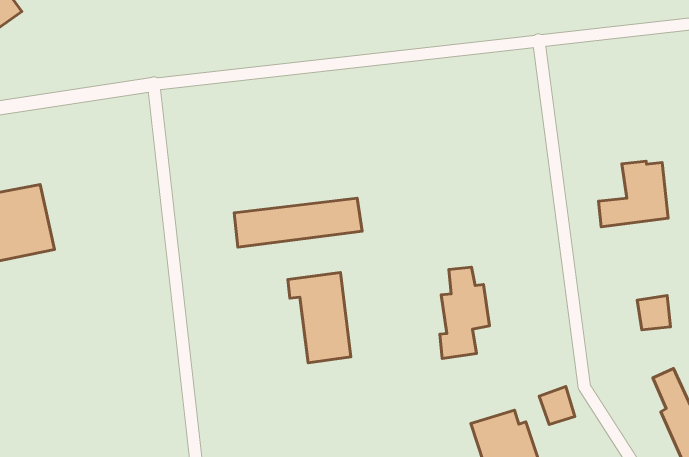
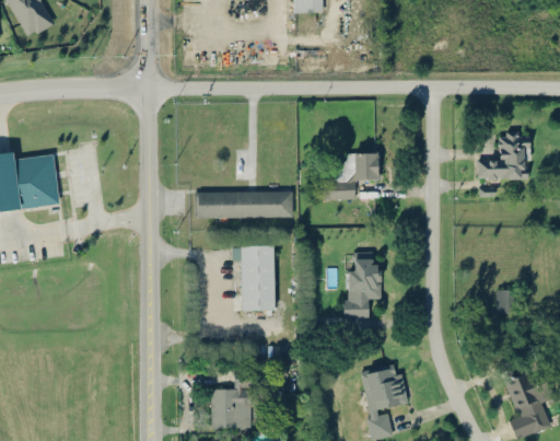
building: none -> [323,153,377,200]
building: [598,161,668,227] -> [478,135,529,181]
building: [539,387,575,424] -> none

